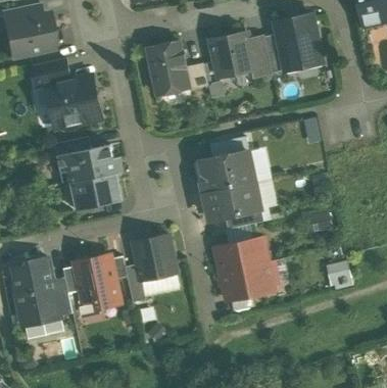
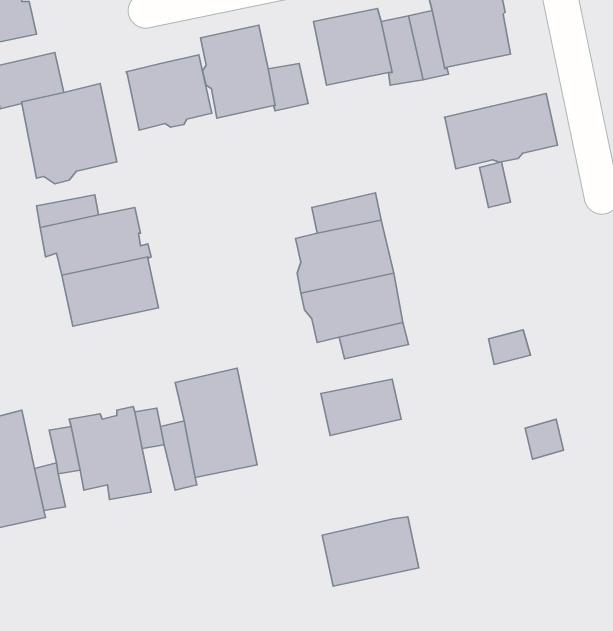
building: none -> [126,55,212,130]
building: none -> [444,94,558,169]
building: [220,261,274,300] -> [322,517,419,586]

